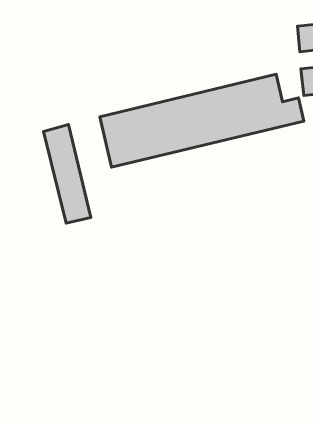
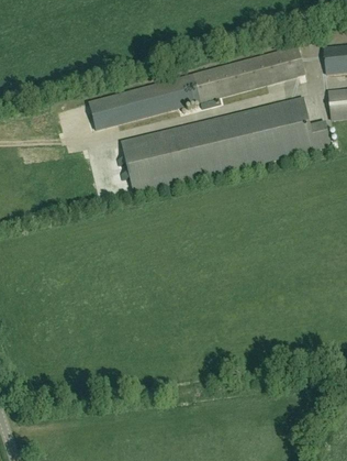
building: none -> [88,46,304,129]
building: [43,125,91,223] -> none

